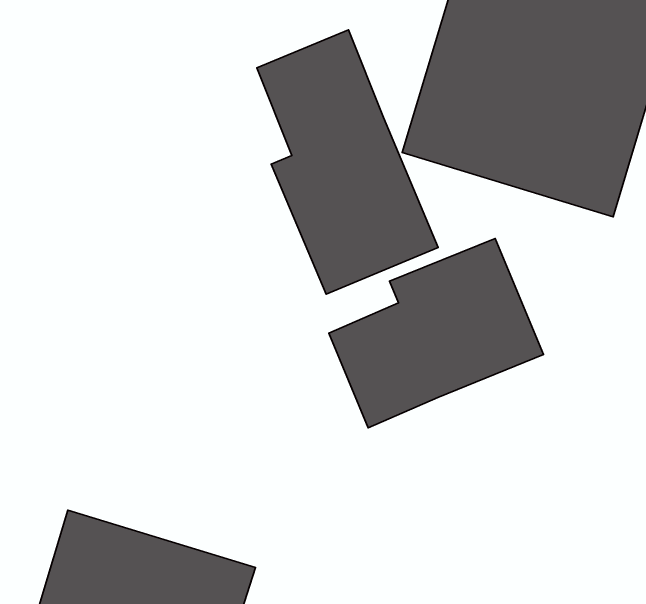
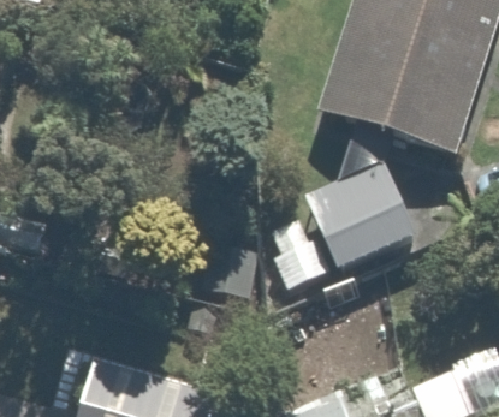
building: [257,30,438,294] -> none

